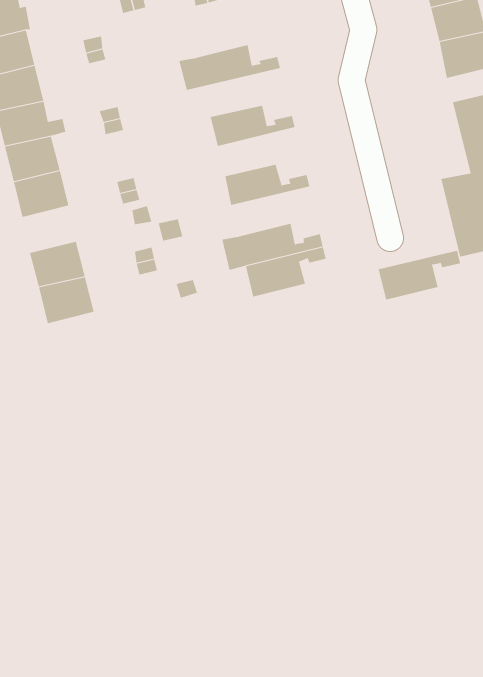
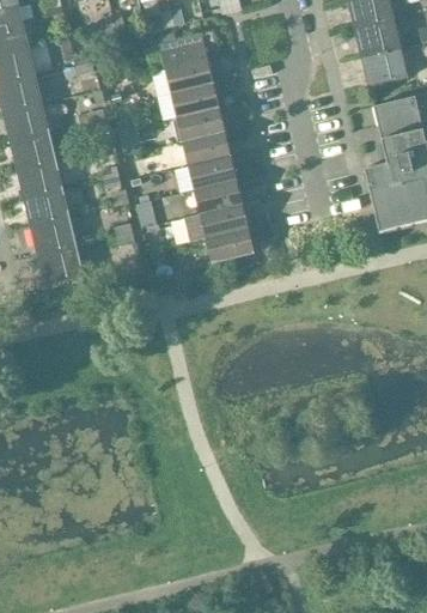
building: none -> [159,30,215,68]
building: none -> [158,77,237,120]
building: none -> [183,125,249,164]
building: none -> [25,188,69,226]
building: [378,250,461,300] -> [194,172,261,213]

